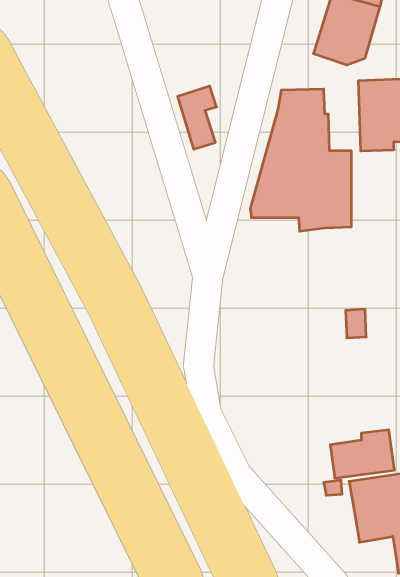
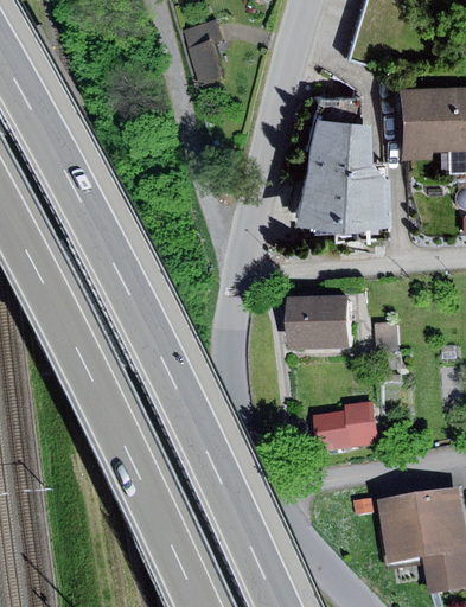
building: [178,86,217,149] -> [183,19,223,84]
building: none -> [291,296,351,349]
building: [330,430,394,478] -> [313,401,379,451]

